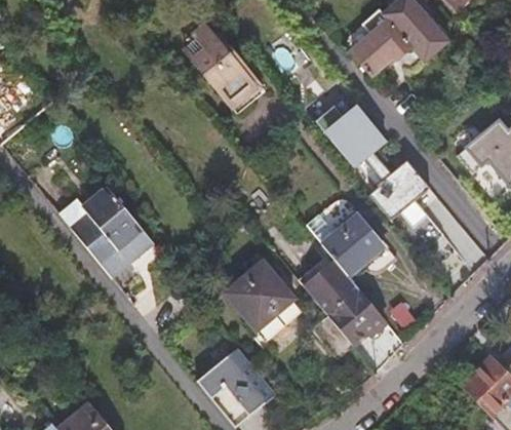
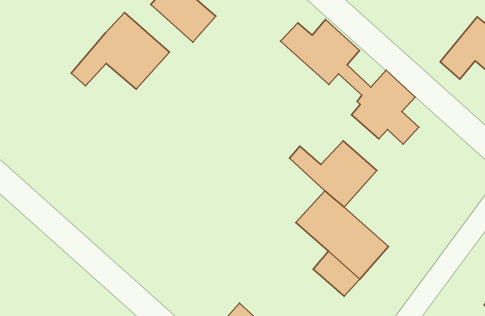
building: none -> [71,13,169,89]
building: [58,187,151,275] -> none
building: [225,262,301,338] -> none

